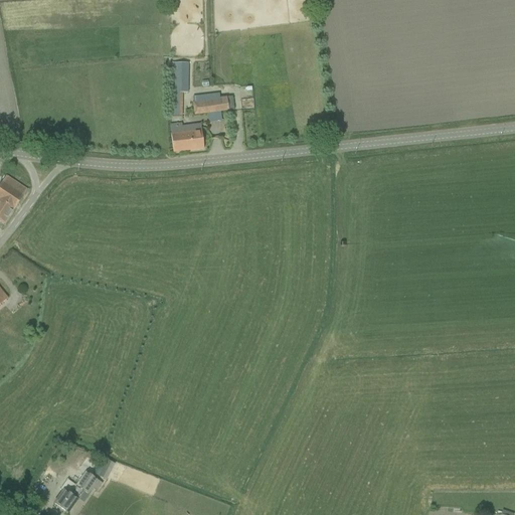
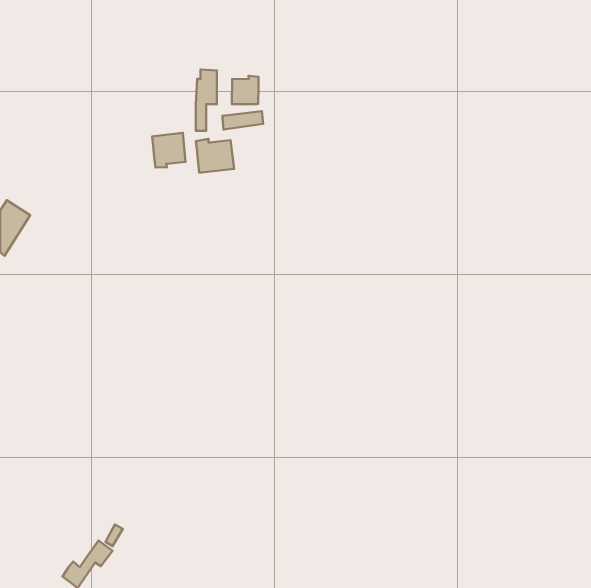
building: none -> [232,76,258,104]
building: none -> [152,133,186,168]

